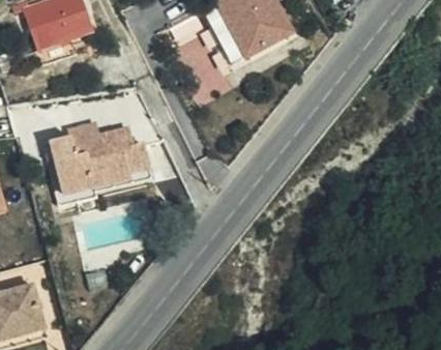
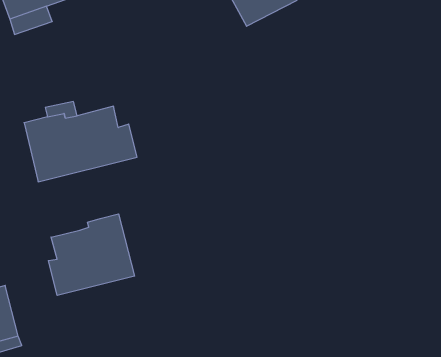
building: none -> [48,214,135,295]

